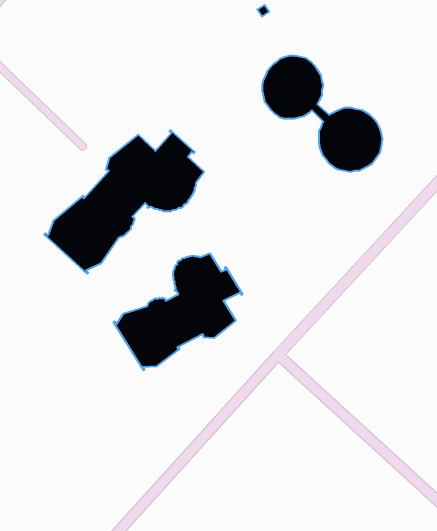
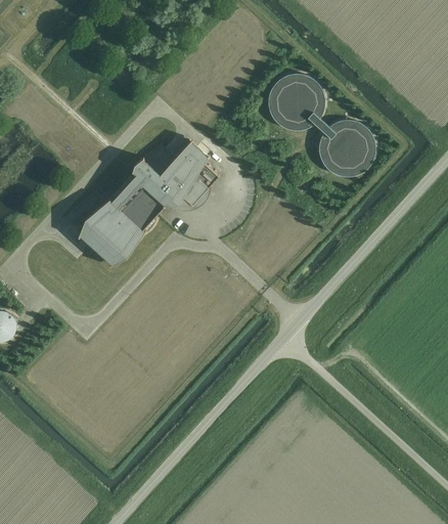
building: [114,253,242,370] -> none

